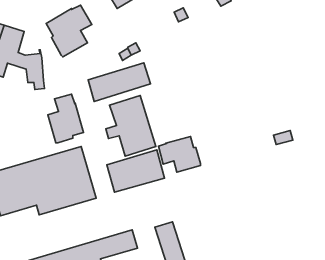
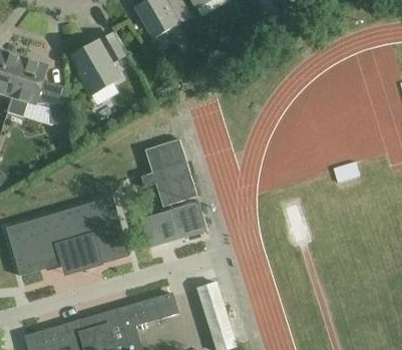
building: [88,63,151,101] -> none
building: [48,94,83,143] -> none
building: [158,136,200,172] -> none

